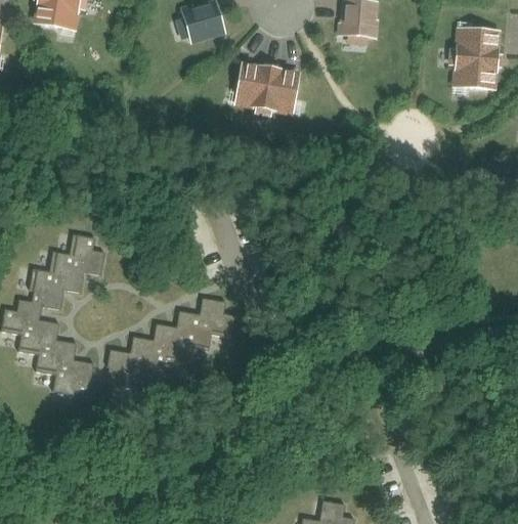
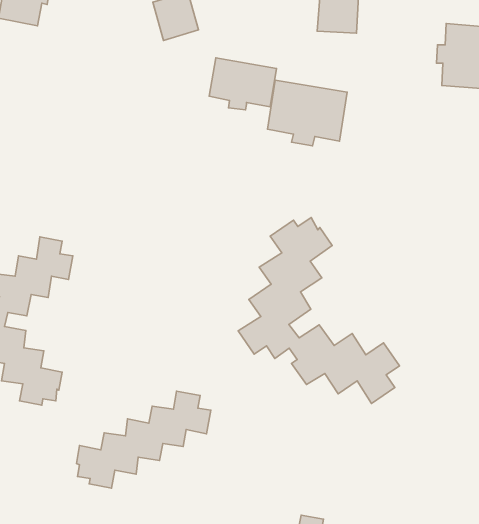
building: none -> [267,80,347,146]
building: none -> [238,218,400,404]
building: [106,297,235,390] -> [76,391,211,488]

